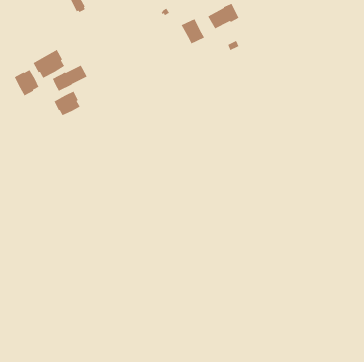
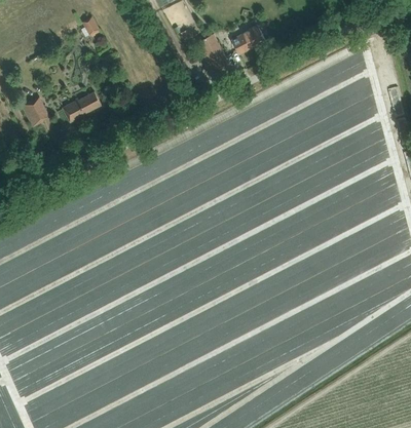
building: [33,49,65,79] -> none
building: [53,90,81,116] -> none

